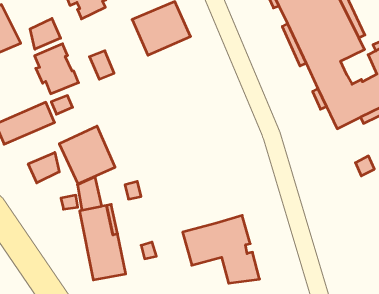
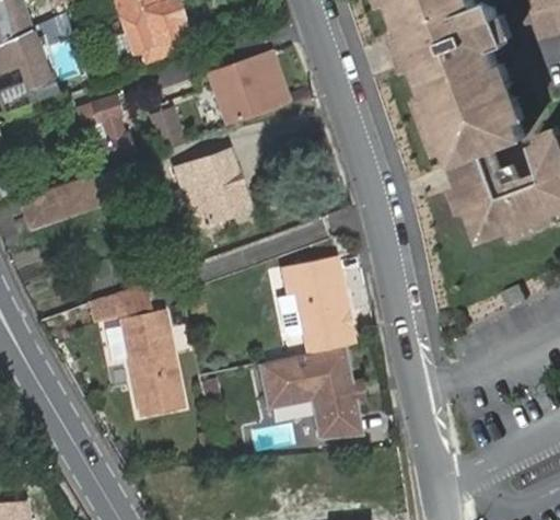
building: [30,18,61,49] -> none
building: [59,126,115,184] -> [174,147,247,223]
building: none -> [281,258,353,357]
building: [28,152,59,183] -> none

